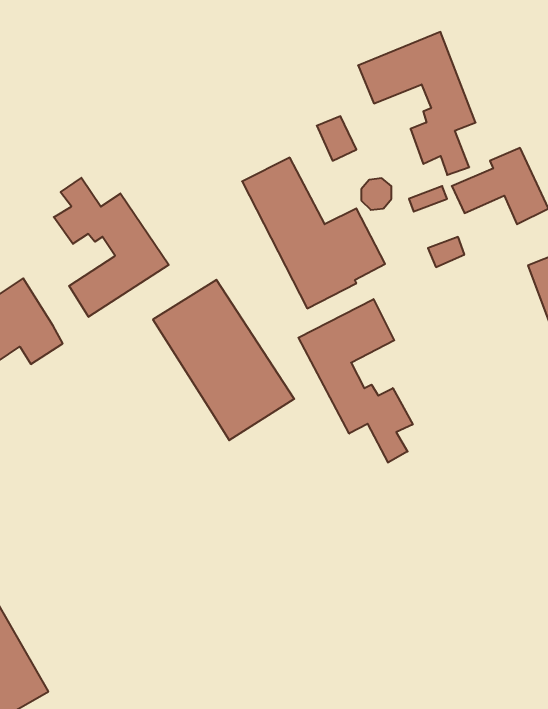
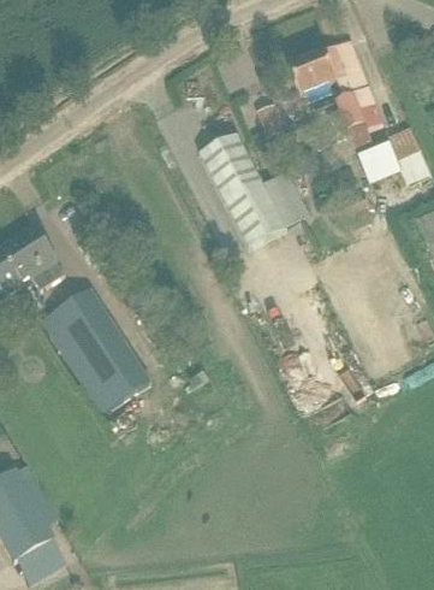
building: [54,178,169,317] -> none
building: [153,280,294,440] -> [44,290,151,412]
building: [298,299,413,463] -> none

